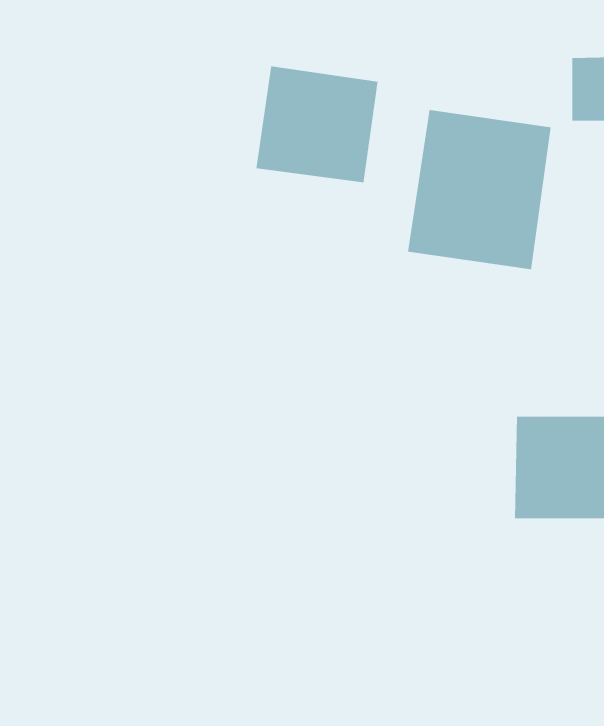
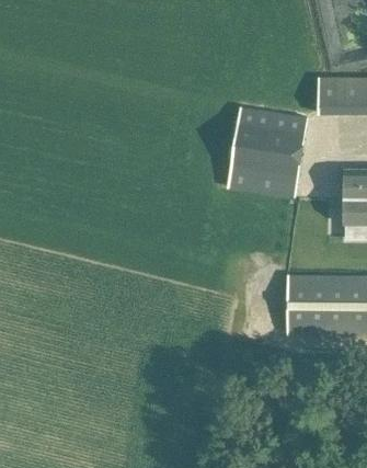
building: [256,65,378,183] -> none

